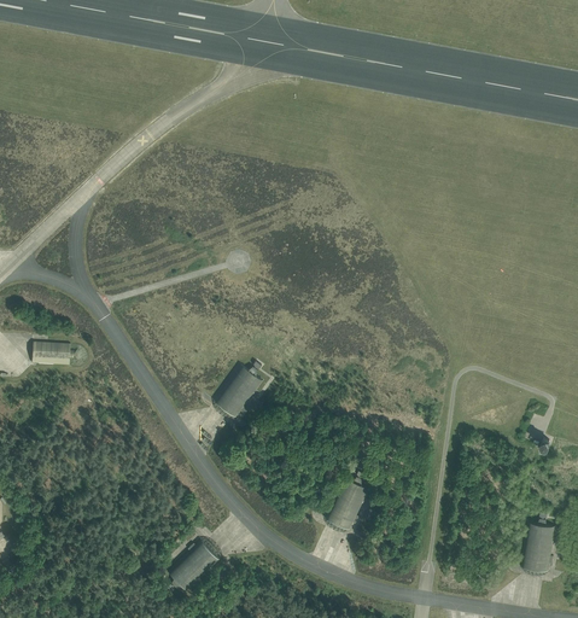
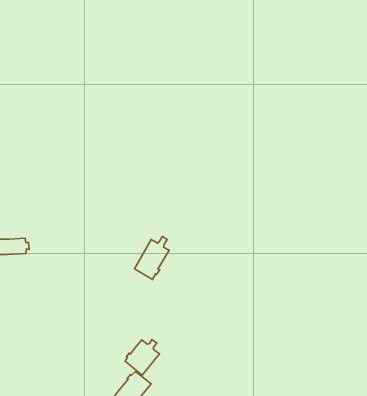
building: [326,473,370,532] -> none
building: none -> [125,340,160,375]

